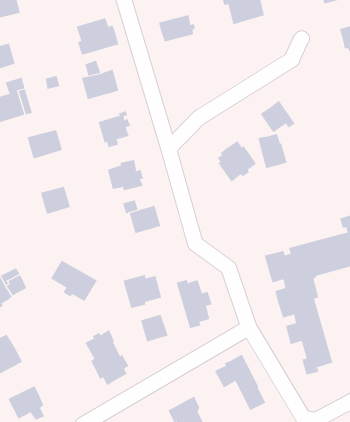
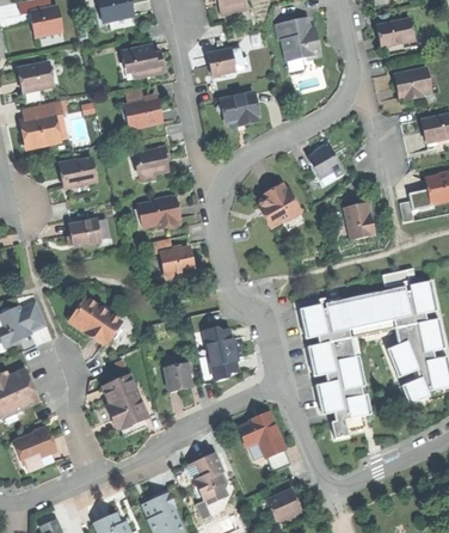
building: none -> [222,93,258,124]
building: [257,133,288,169] -> [344,203,374,240]
building: [123,274,162,309] -> none

